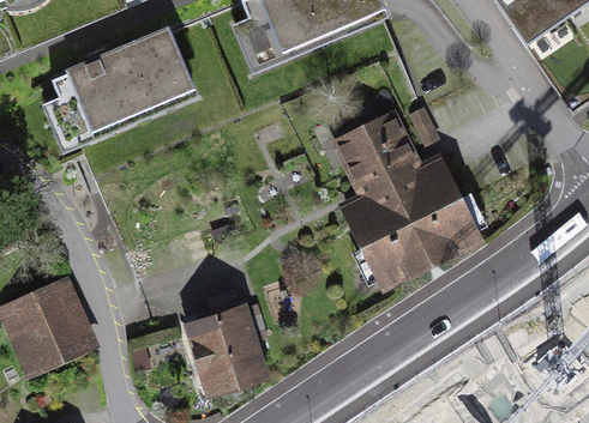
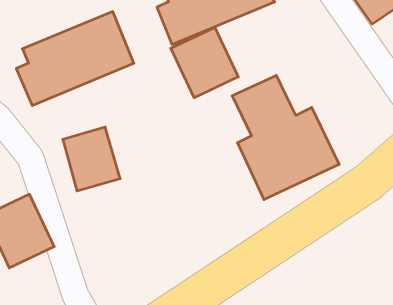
building: none -> [171,27,238,98]
building: [185,300,263,386] -> [63,127,120,191]

